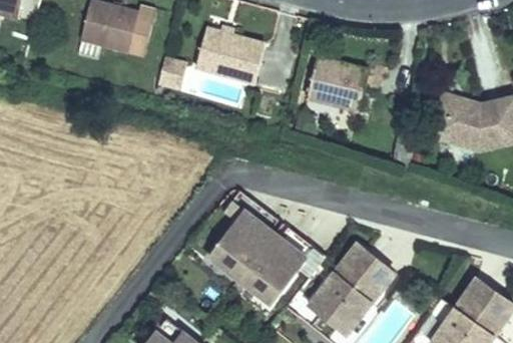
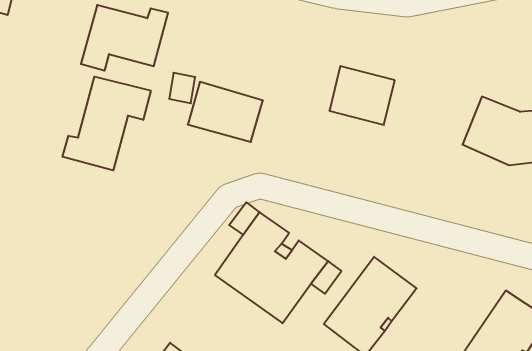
building: [199,32,269,87] -> [188,82,263,142]
building: none -> [63,77,151,170]

